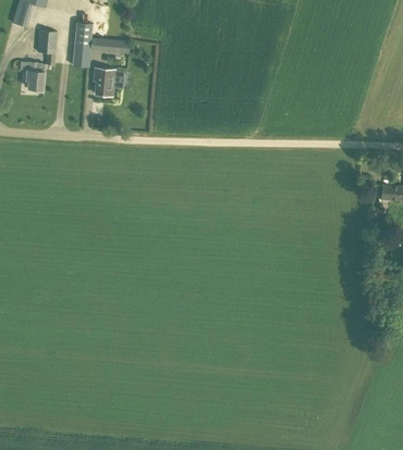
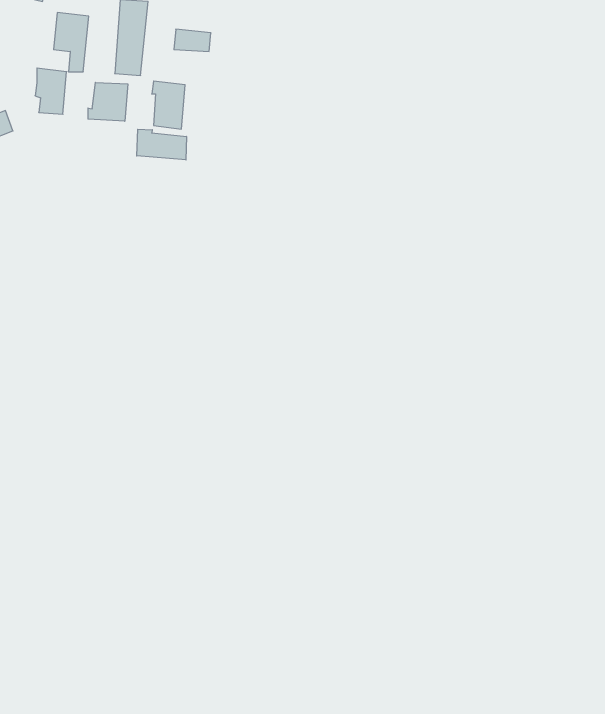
building: none -> [88,82,128,121]
building: none -> [137,129,186,160]

